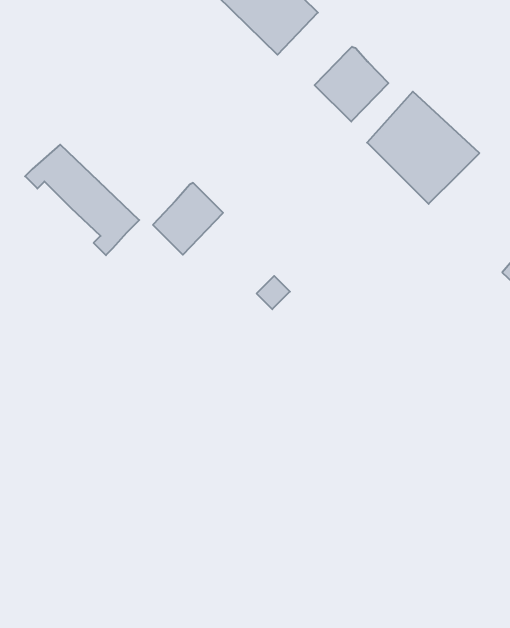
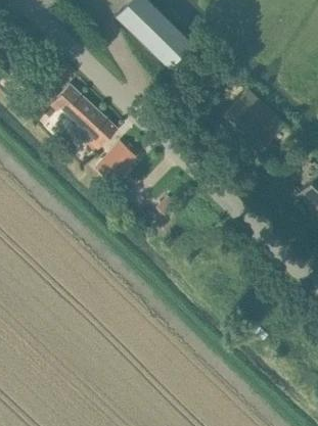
building: [315,47,388,122] -> none
building: [25,145,139,255] -> [51,85,118,149]

